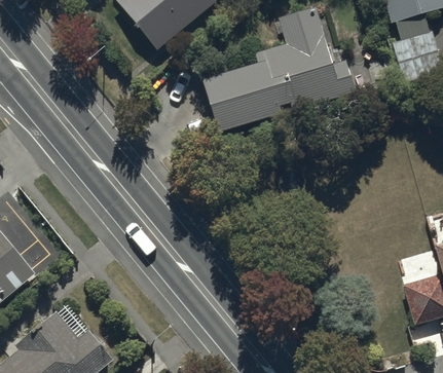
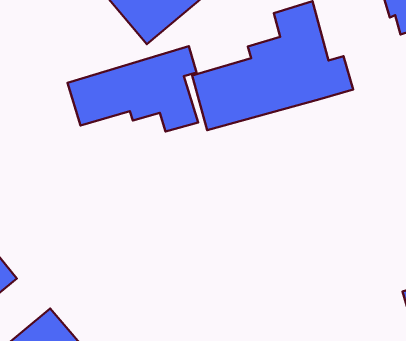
building: none -> [67,46,198,131]

